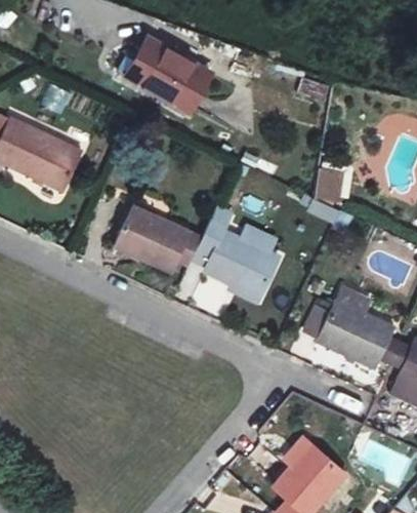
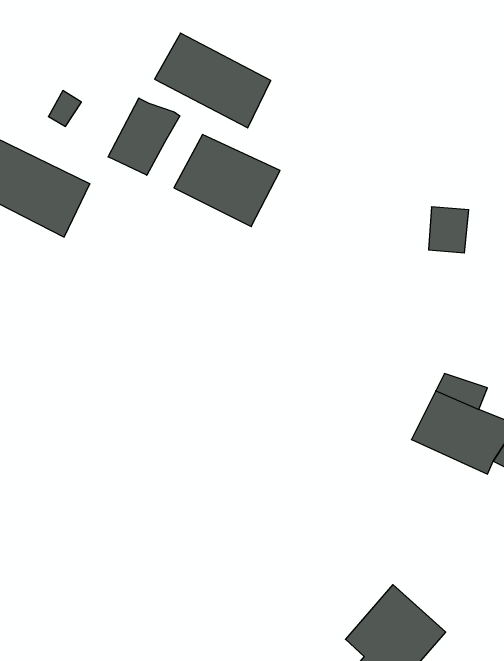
building: none -> [108,98,180,175]
building: [119,206,195,272] -> [174,135,280,227]
building: [196,224,281,303] -> none

